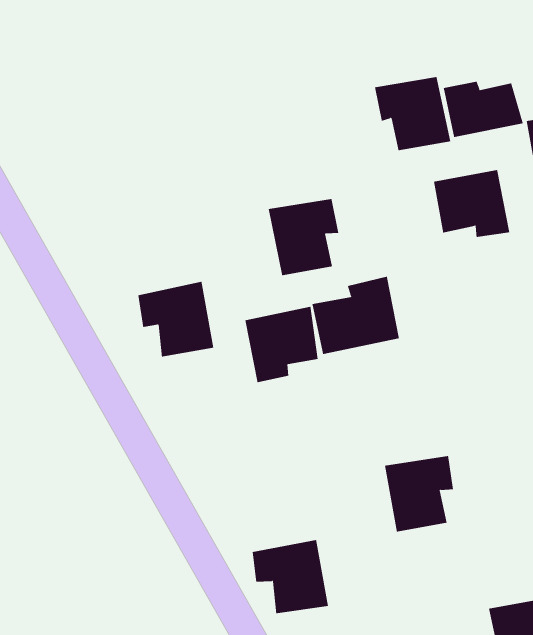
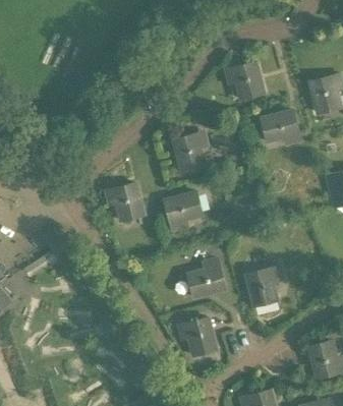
building: [443,81,523,138] -> none
building: [312,276,400,355] -> none
building: none -> [186,256,228,300]

